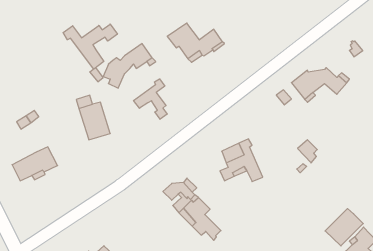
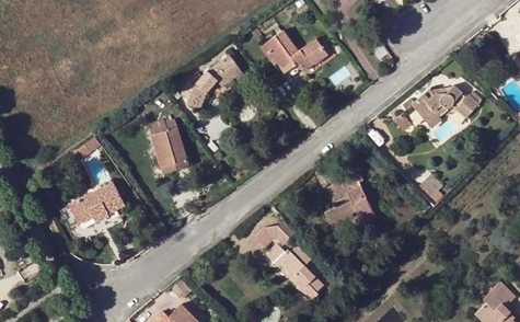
building: [63,24,117,69] -> none
building: [134,79,167,119] -> none
building: [325,209,363,246] -> none

